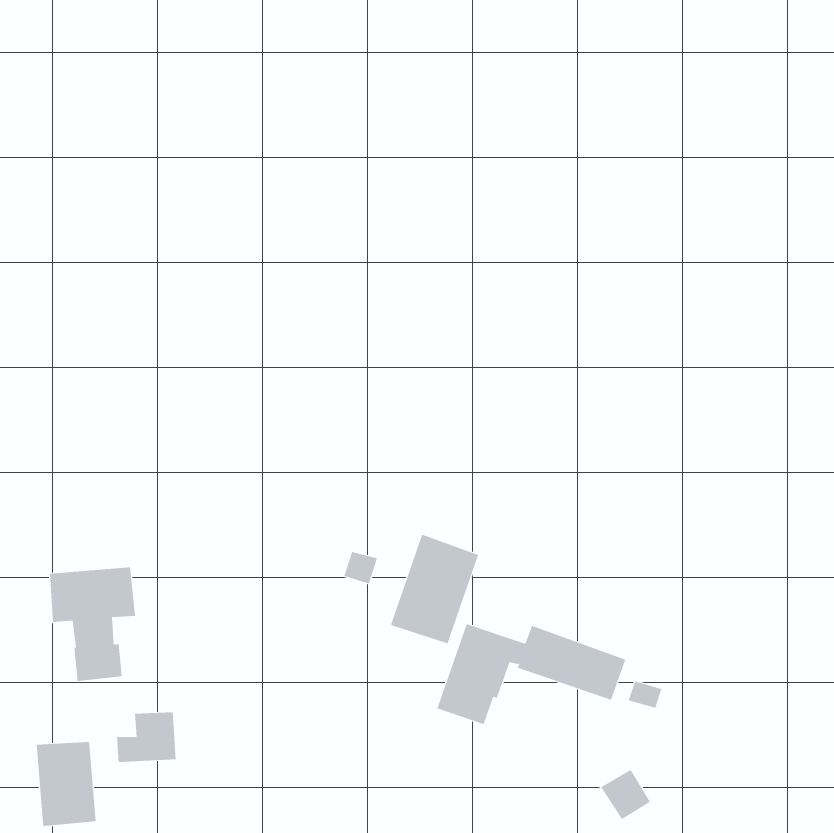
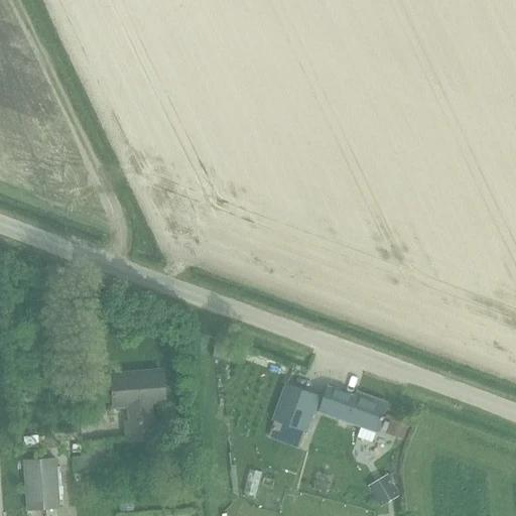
building: [390,534,479,644] -> none
building: [49,567,136,681] -> [111,370,164,440]

